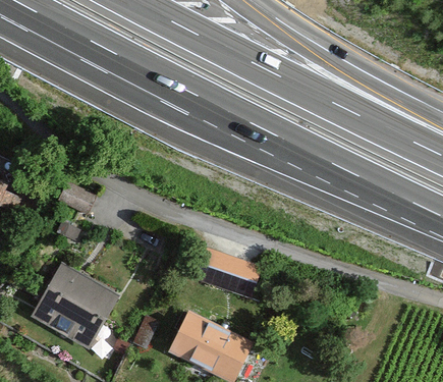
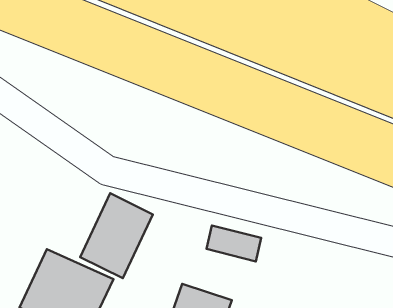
building: none -> [80,193,153,278]

